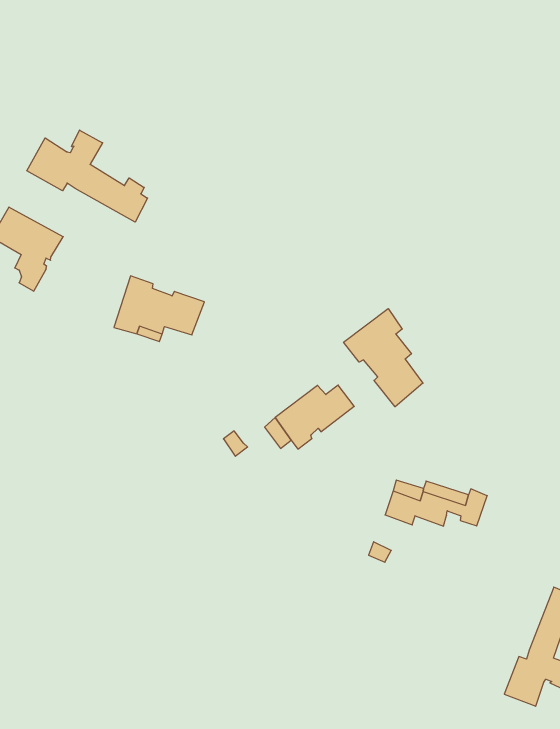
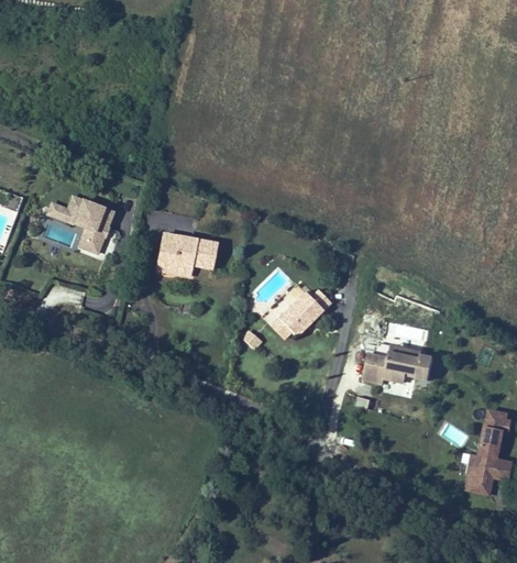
building: [27,130,148,222] -> none
building: [344,309,423,407] -> none

